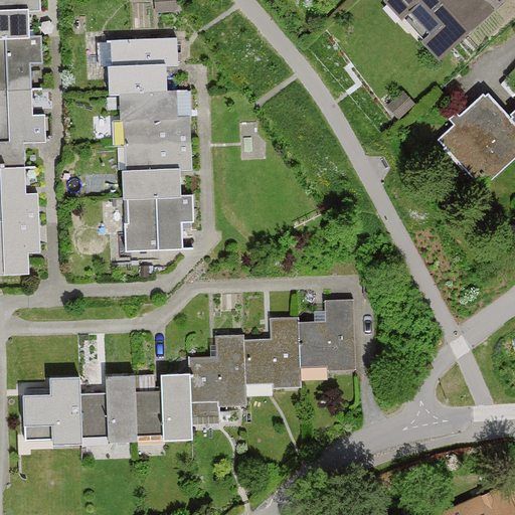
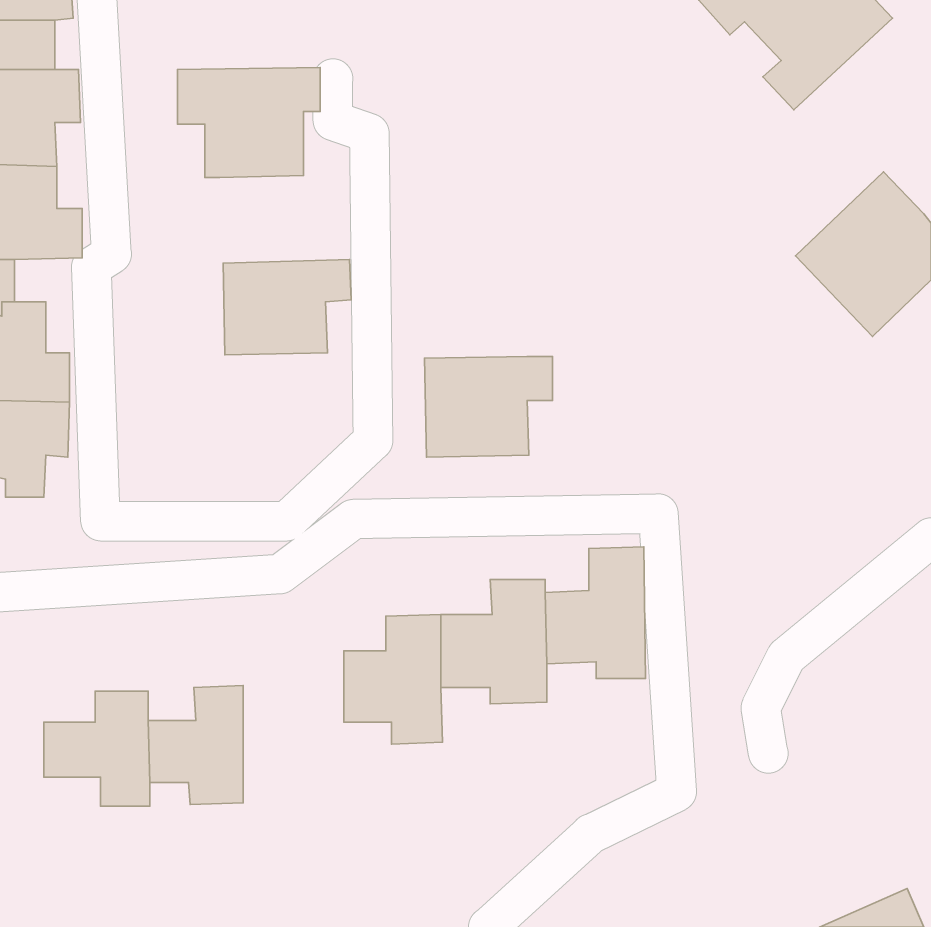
building: [121,97,192,145] -> none
building: [124,194,194,249] -> [425,356,553,457]
building: [134,375,189,442] -> none

